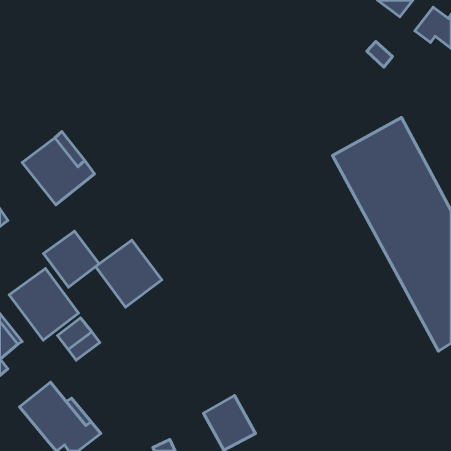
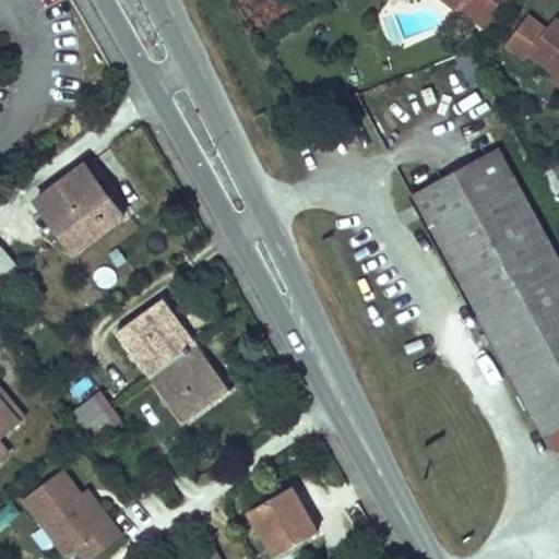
building: [44,231,99,287] -> none
building: [9,268,78,340] -> none
building: none -> [155,346,231,423]

